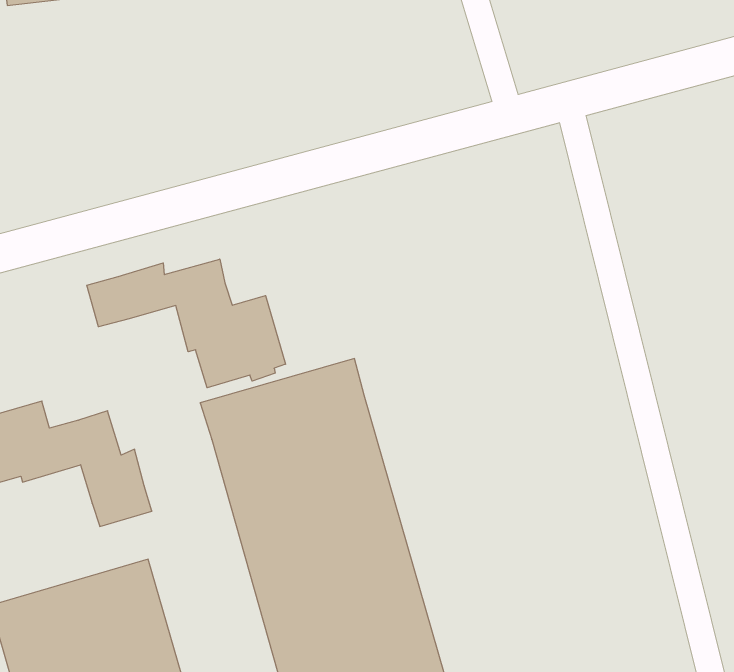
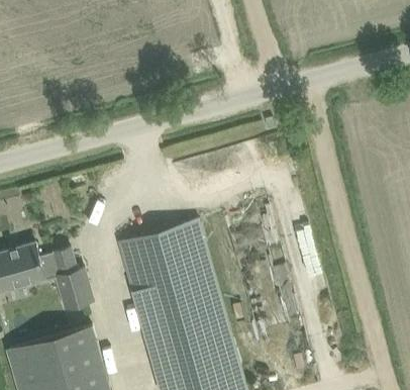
building: [87,259,286,388] -> none

